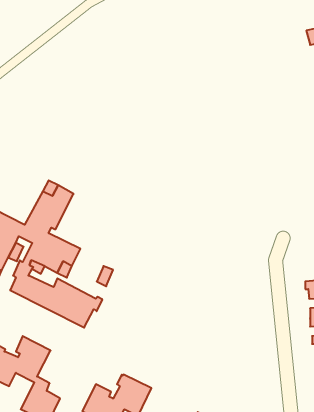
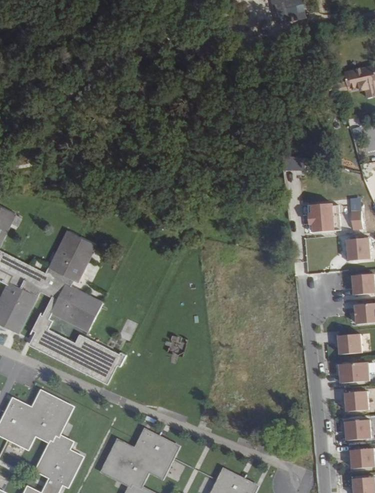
building: none -> [311,202,340,231]

